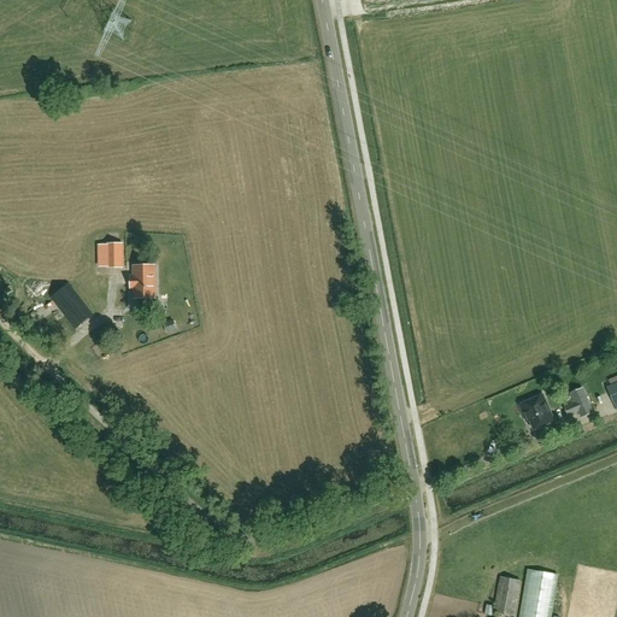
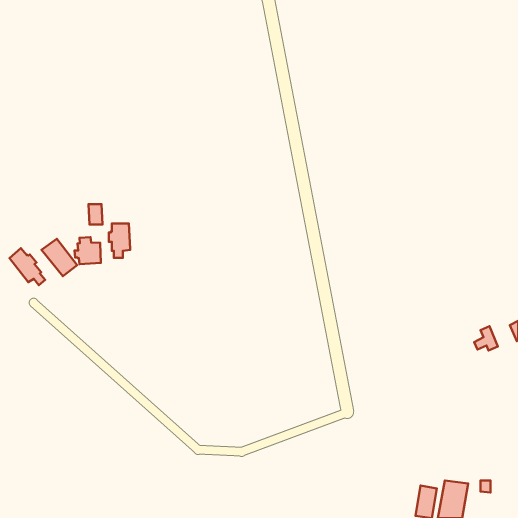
building: none -> [74,237,101,264]
building: none -> [9,248,45,285]
building: [519,399,552,429] -> none

